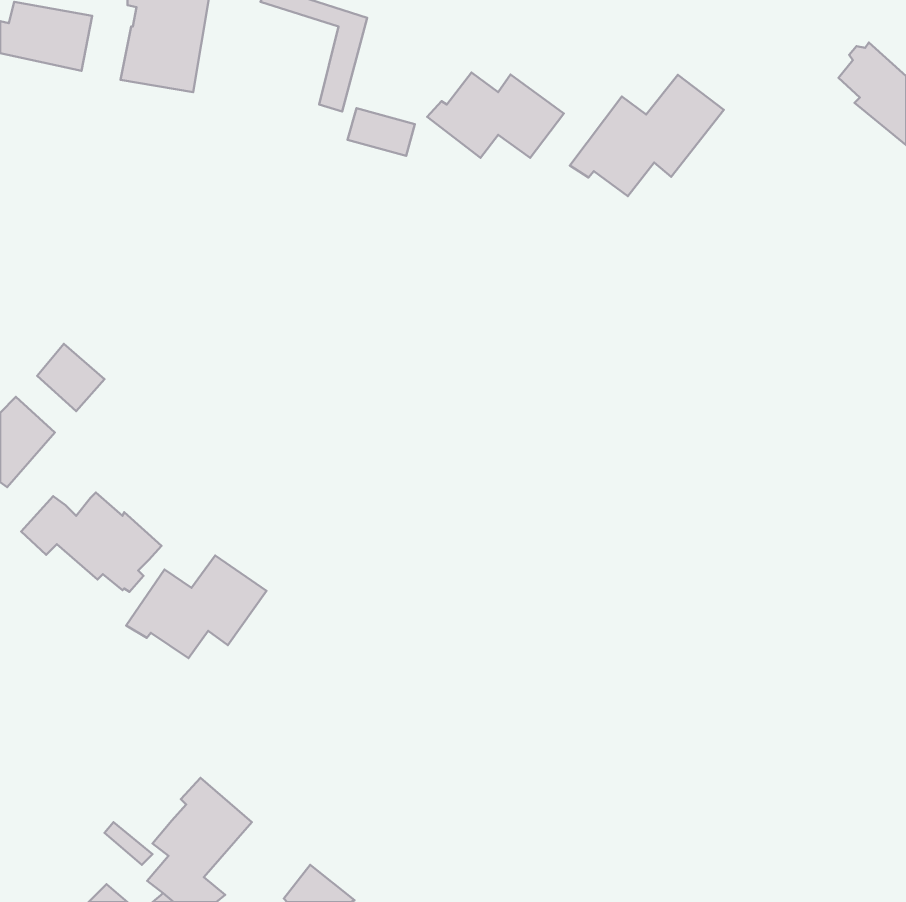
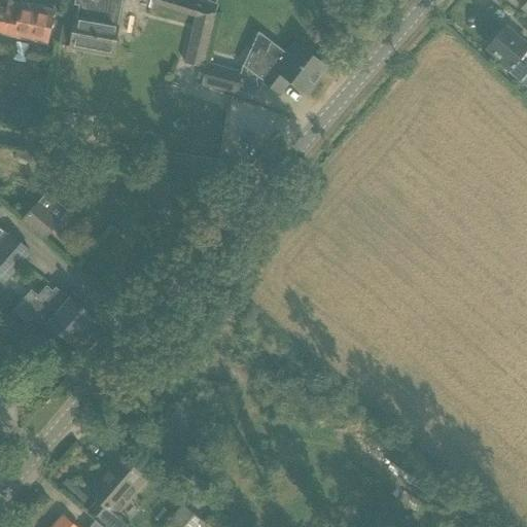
building: [570,75,724,196] -> none
building: [126,555,267,658] -> none

